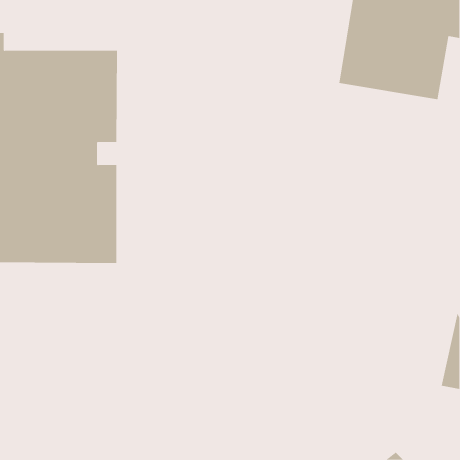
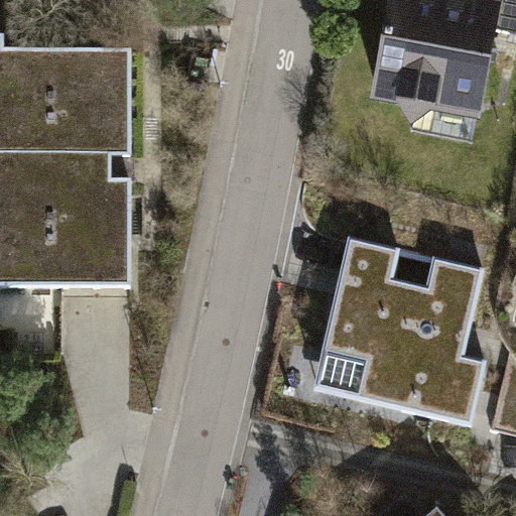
building: none -> [319,234,482,414]

